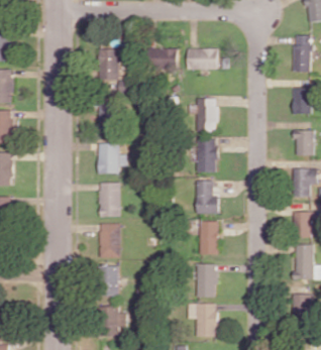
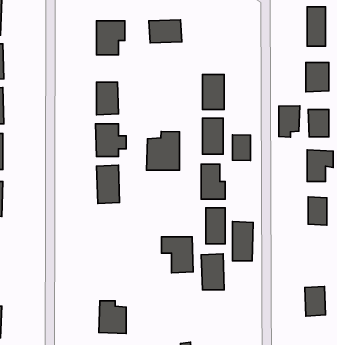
building: [187,48,216,70] -> none
building: none -> [279,106,300,137]
building: none -> [146,131,180,170]
building: none -> [232,135,251,161]
building: [98,223,120,257] -> none
building: [294,243,313,279] -> [233,222,253,261]
building: [96,265,118,296] -> none
building: [187,304,216,337] -> [162,237,193,273]

